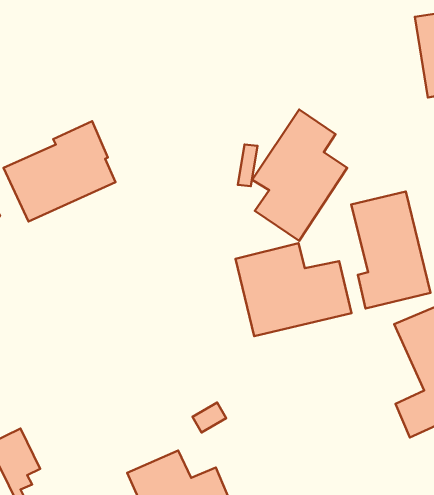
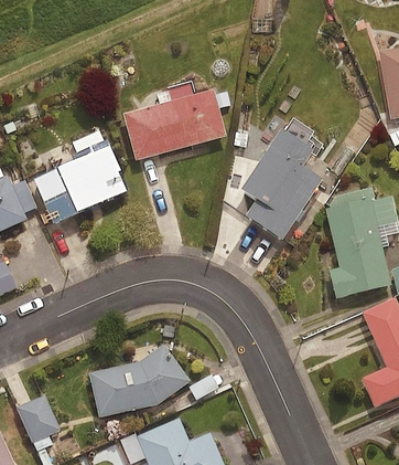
building: none -> [123,88,227,159]
building: [235,243,352,336] -> none
building: none -> [88,342,191,416]

